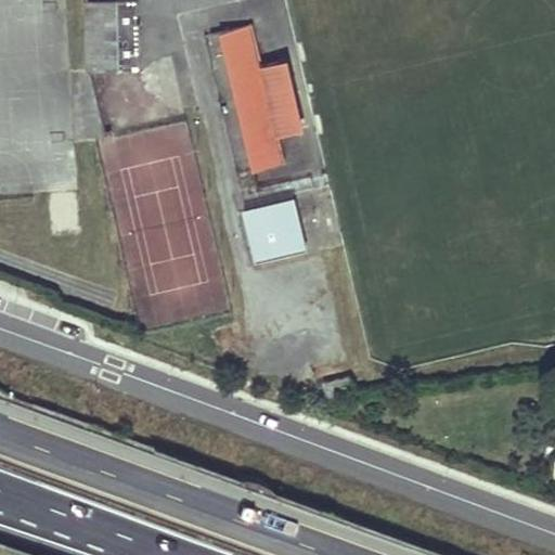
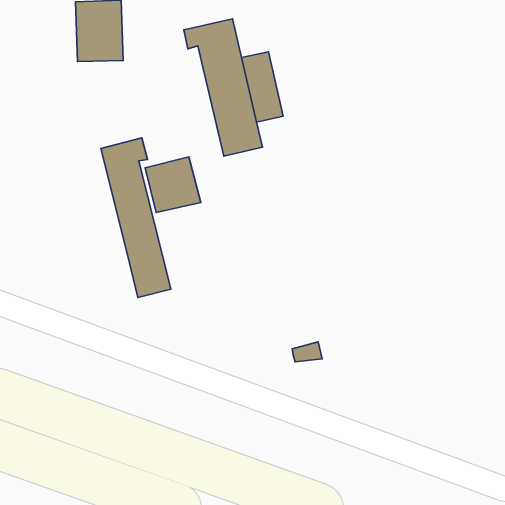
building: none -> [101,138,171,298]
building: [243,201,304,261] -> [145,157,201,213]

